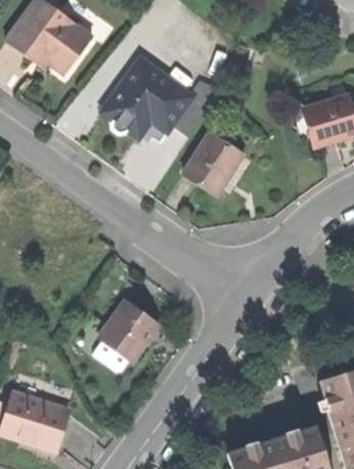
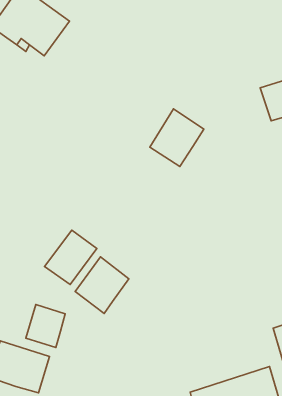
building: [104,60,214,134] -> none
building: none -> [44,230,97,284]
building: none -> [26,305,65,347]

